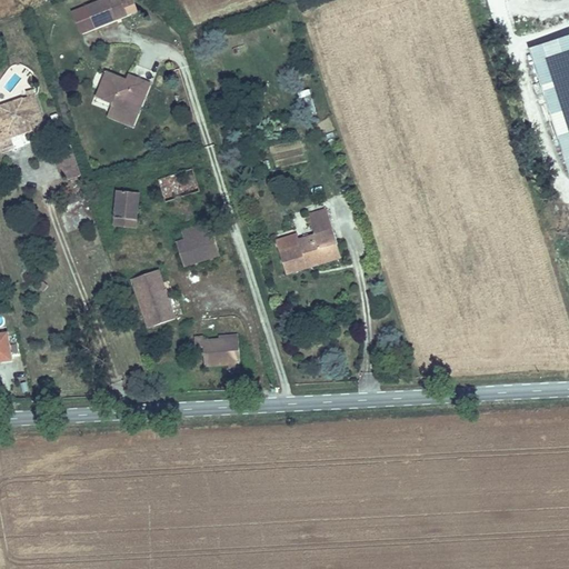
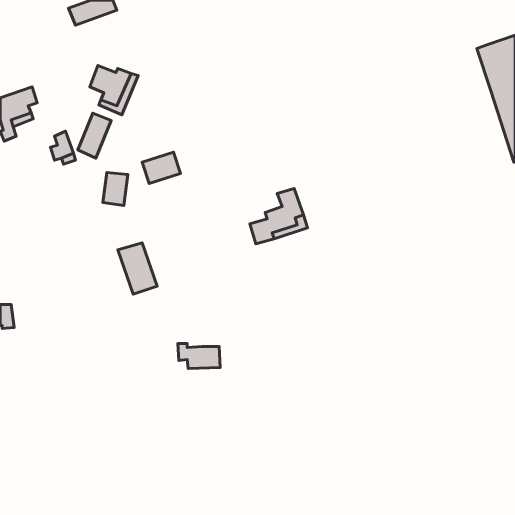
building: none -> [78,113,111,158]
building: [173,223,219,266] -> none
building: [193,336,240,363] -> [178,343,220,369]

